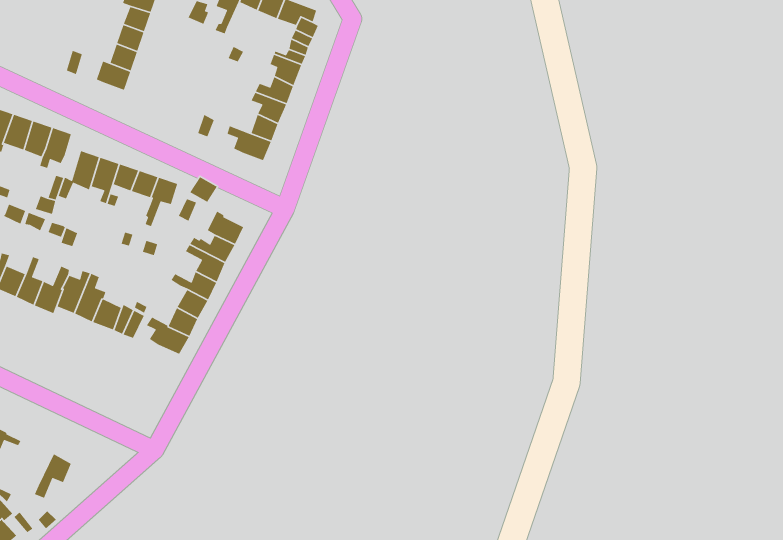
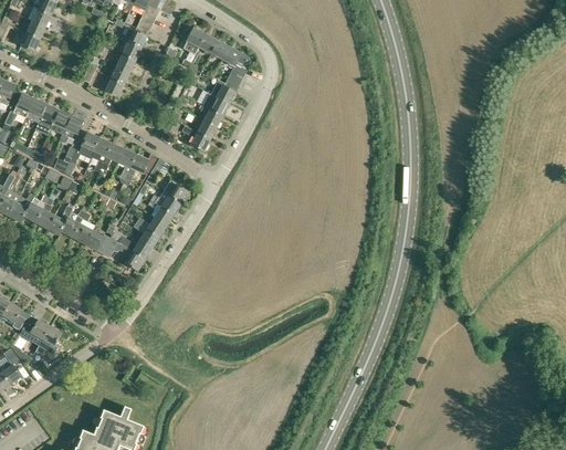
building: none -> [19,315,50,345]

